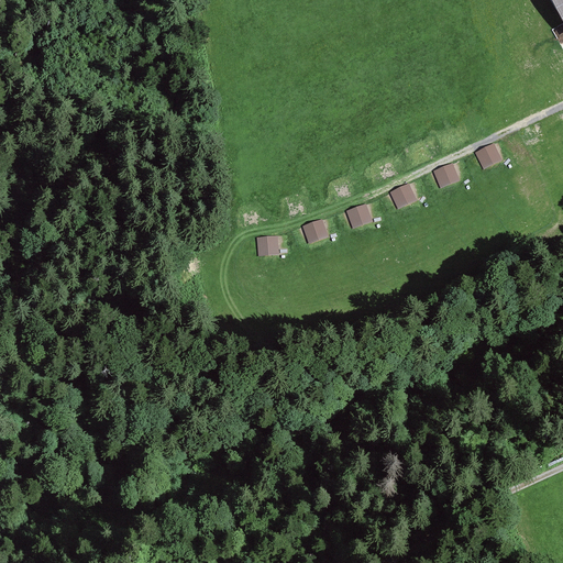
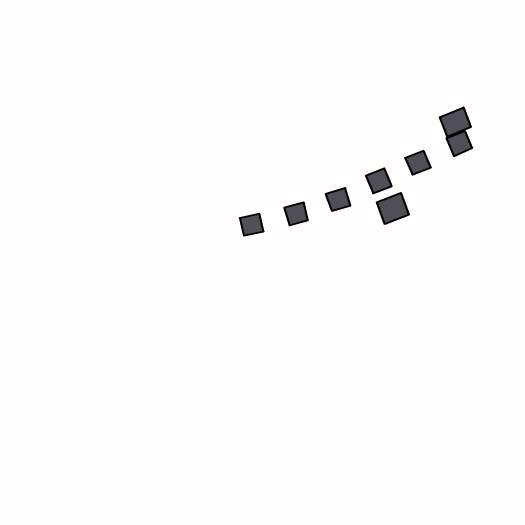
building: none -> [440,107,471,137]
building: none -> [377,193,409,224]

